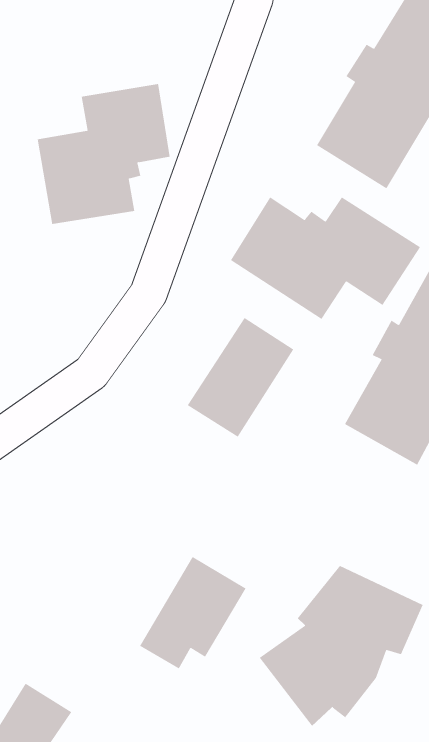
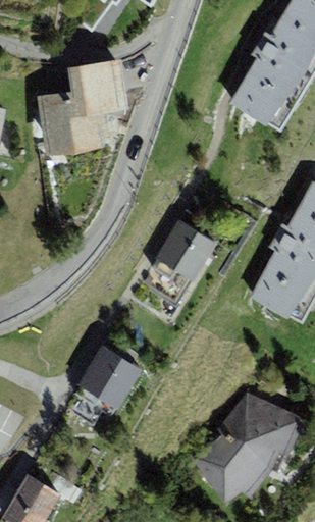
building: [230,196,421,320] -> none
building: [139,556,247,669] -> [66,346,141,424]

